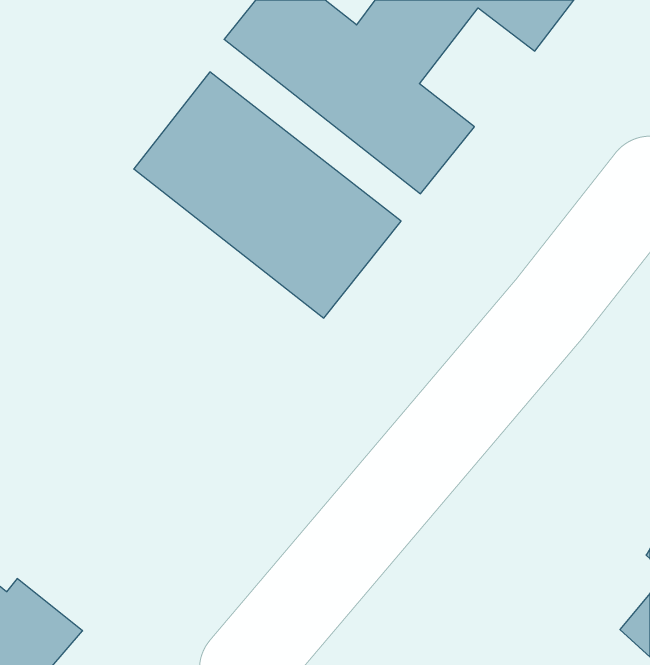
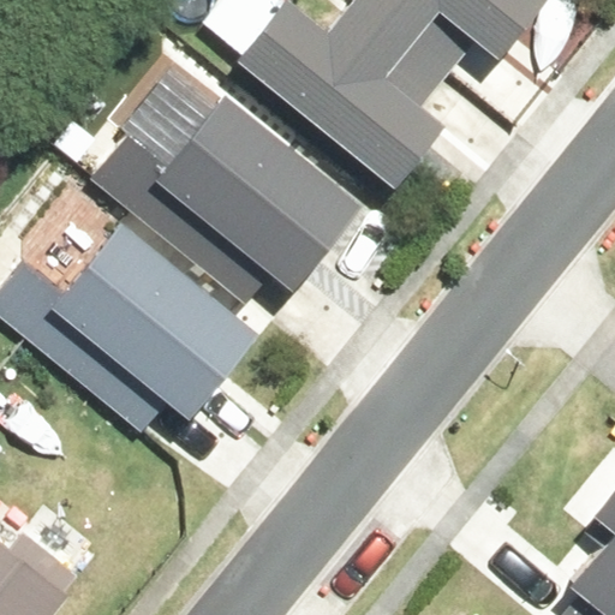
building: none -> [31,192,267,419]

